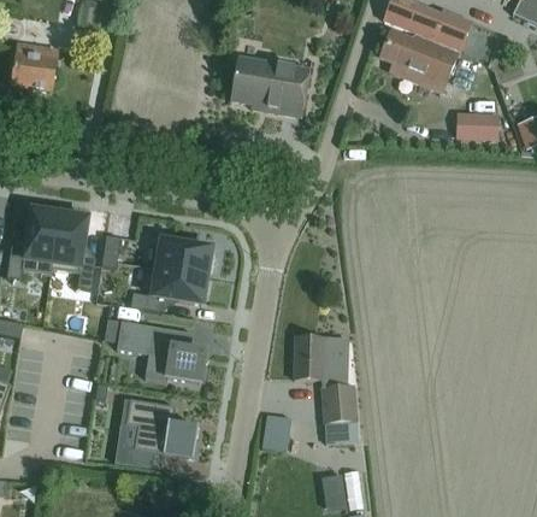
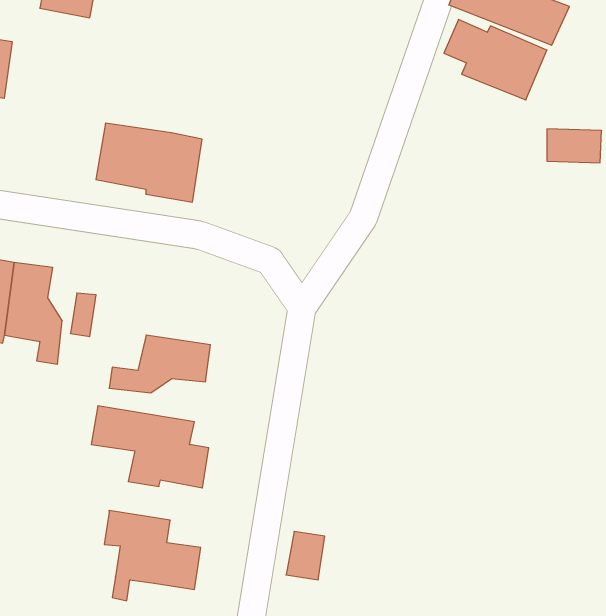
building: [229,58,308,117] -> [96,123,202,202]
building: [157,239,210,275] -> none
building: [293,336,356,442] -> none

